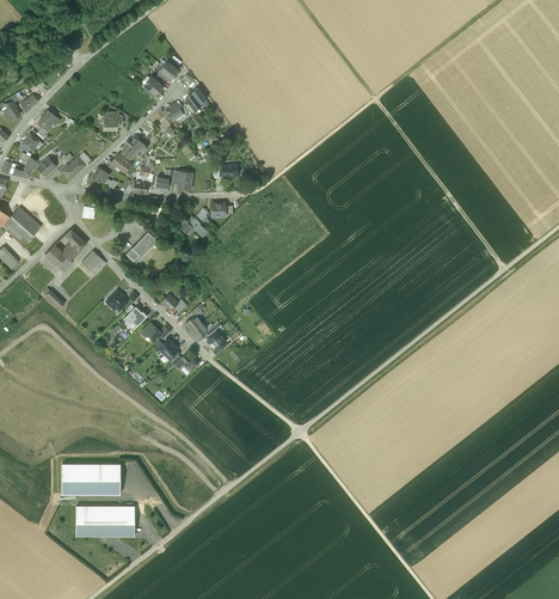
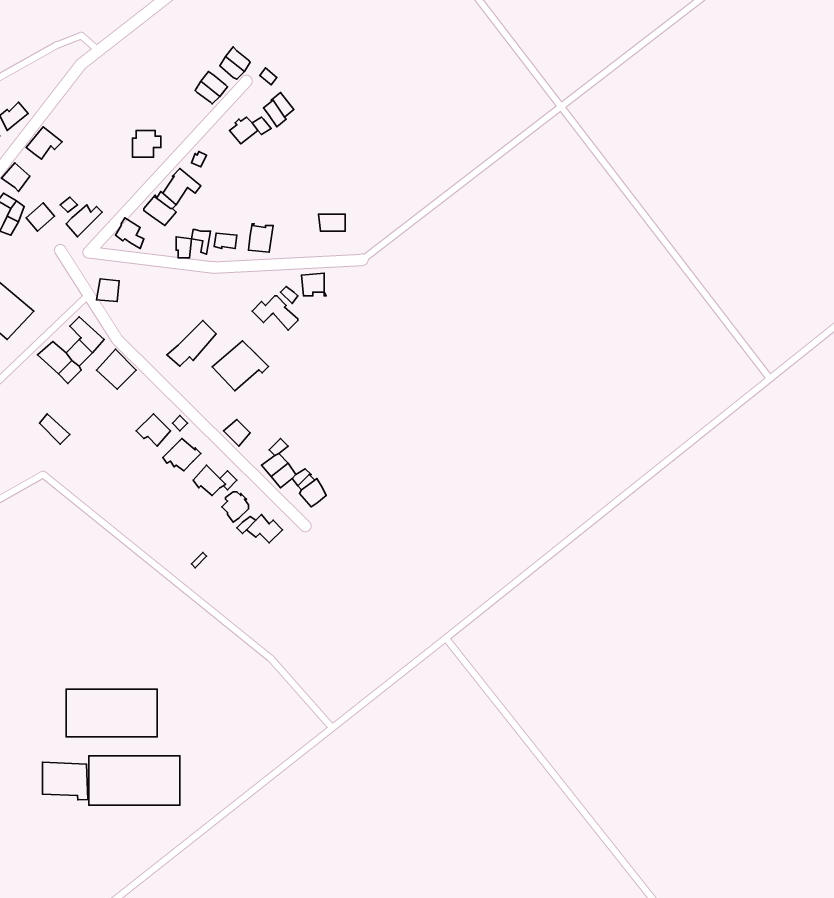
building: none -> [212,341,269,391]
building: none -> [43,762,88,800]

